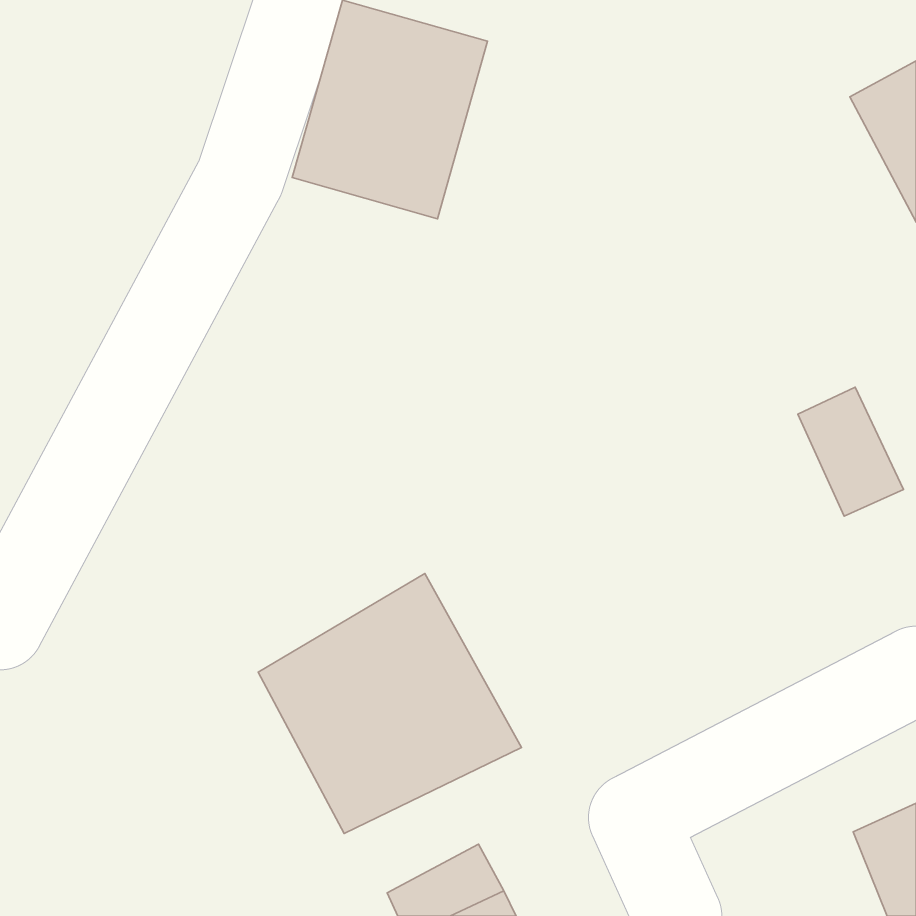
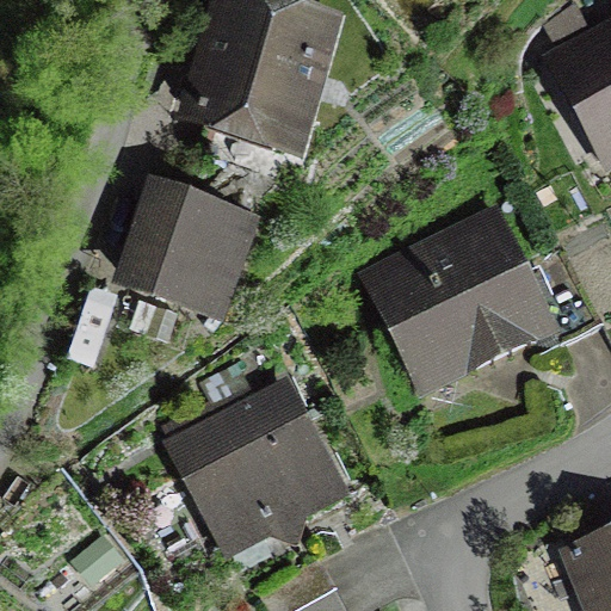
building: none -> [128,193,249,303]
building: none -> [379,232,538,362]

